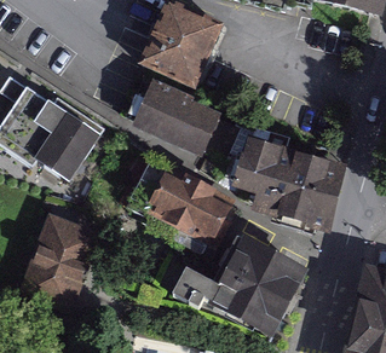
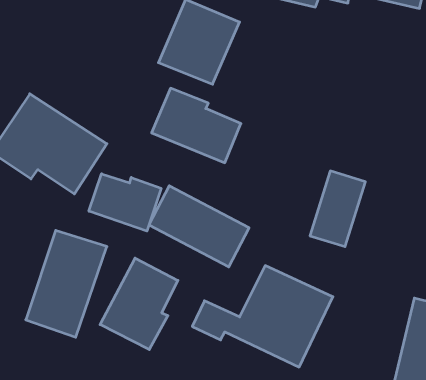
building: [232,139,298,214] -> none
building: none -> [89,174,161,231]
building: none -> [100,258,178,350]

